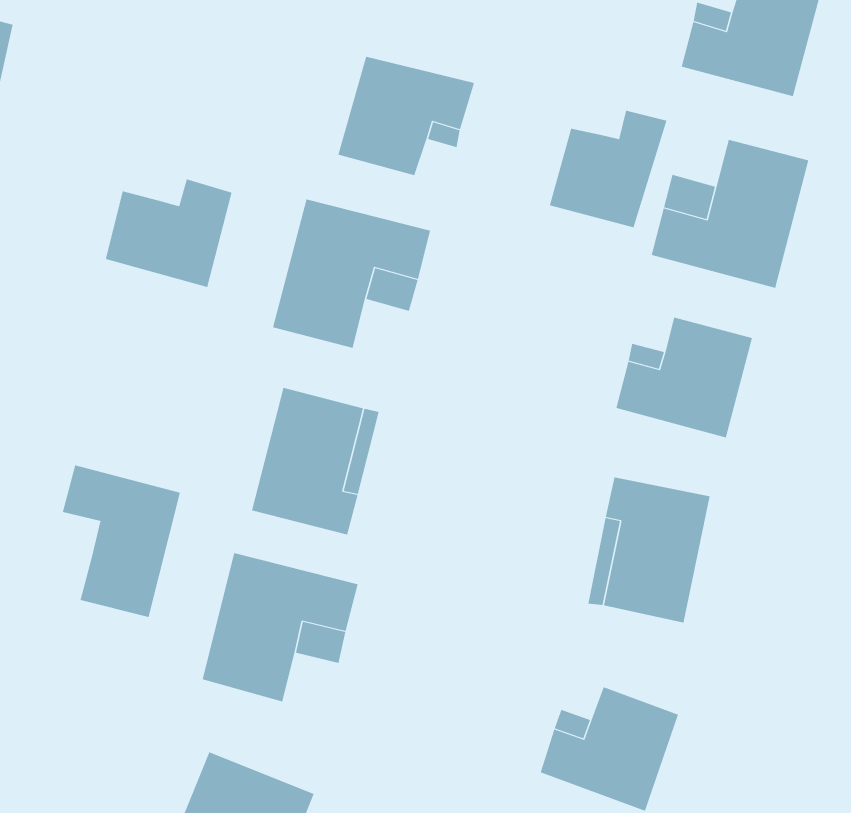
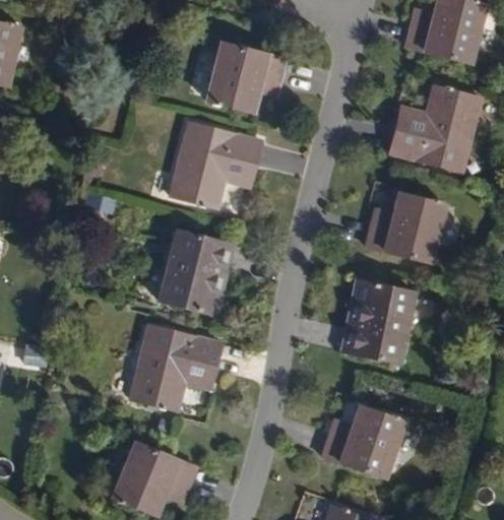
building: [549,110,667,228] -> none
building: [105,178,232,288] -> none
building: [62,465,181,618] -> none

